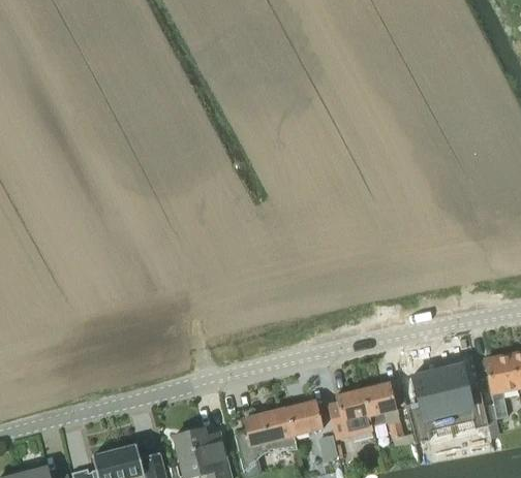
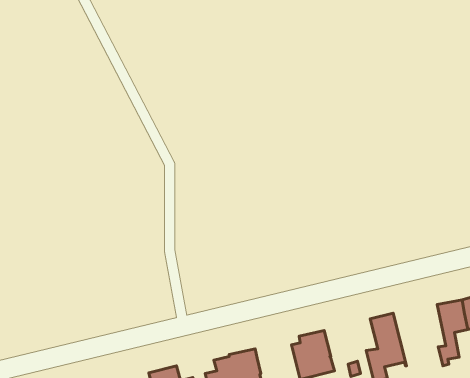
building: [437,363,491,428] -> none
building: [363,382,397,425] -> none
building: [288,401,323,435] -> none

